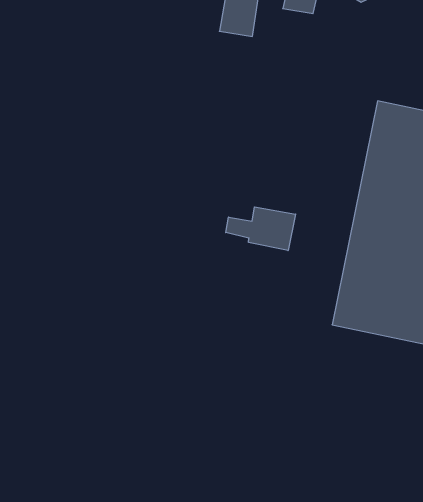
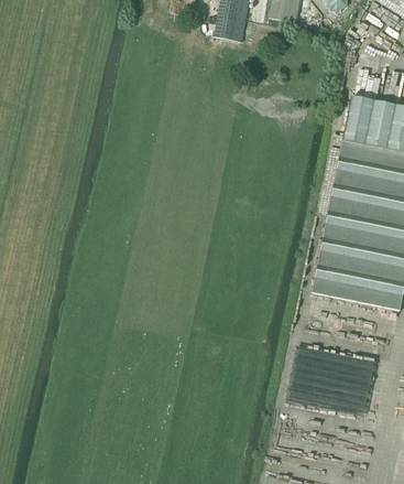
building: [226,207,296,251] -> none

